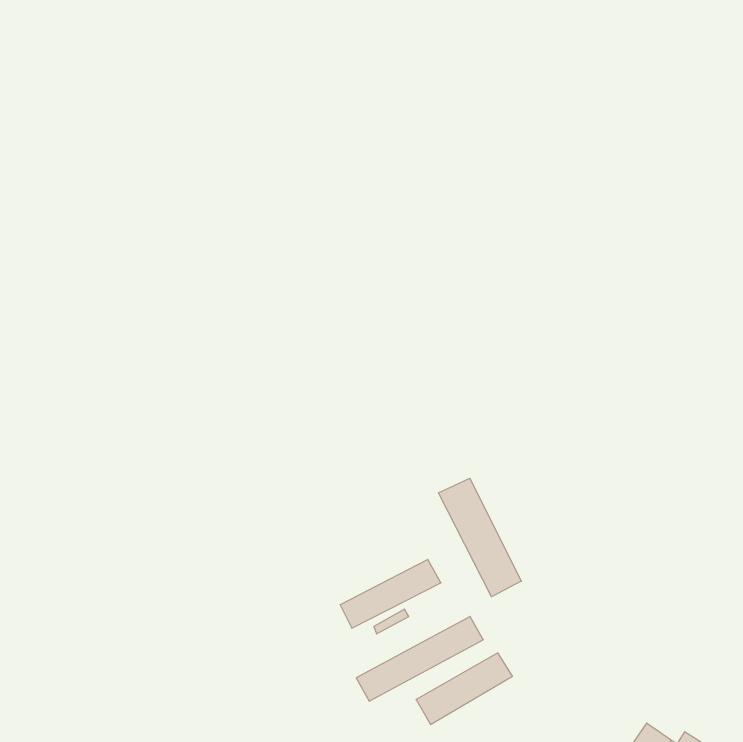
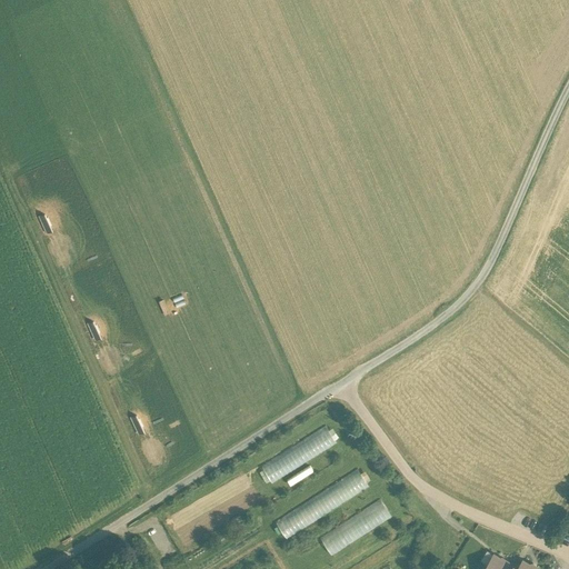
building: [439,478,521,597] -> none

